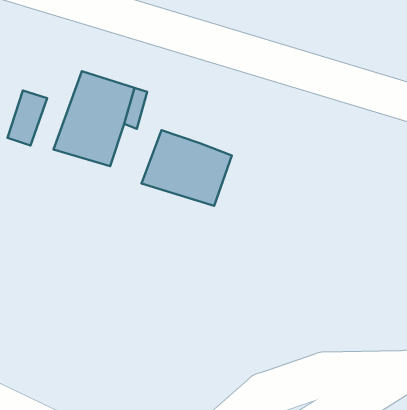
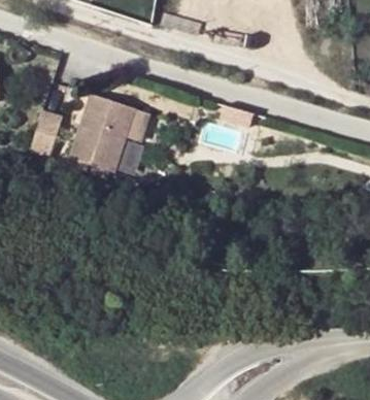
building: [142,130,232,206] -> none

